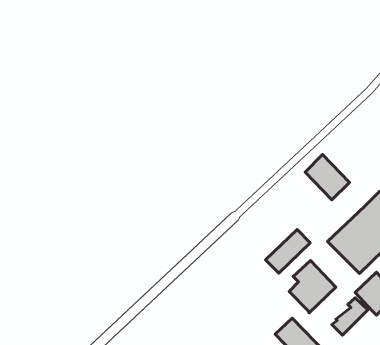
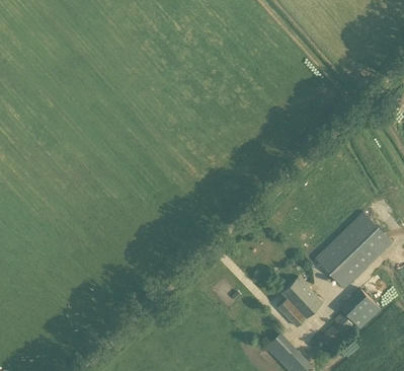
building: [305,155,350,200] -> none
building: [266,230,310,273] -> none

